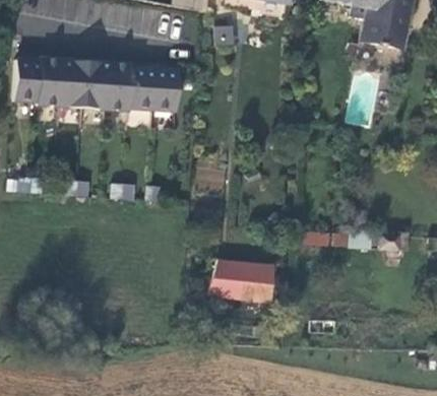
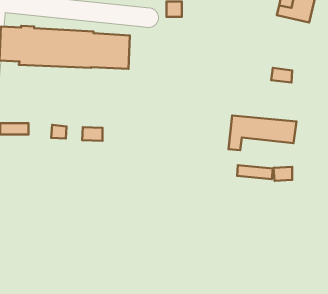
building: none -> [229,115,297,150]
building: [208,258,273,300] -> none

